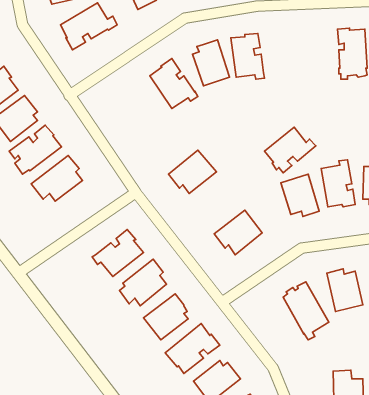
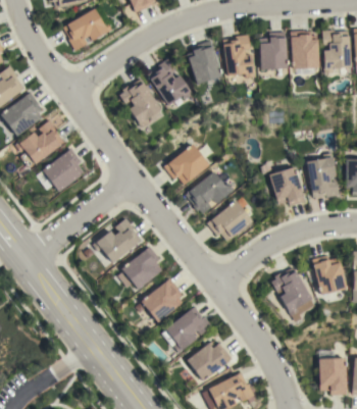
building: none -> [291,31,319,68]
building: none -> [260,32,288,69]
building: none -> [120,79,161,126]
building: [265,127,316,173] -> [187,171,235,214]

